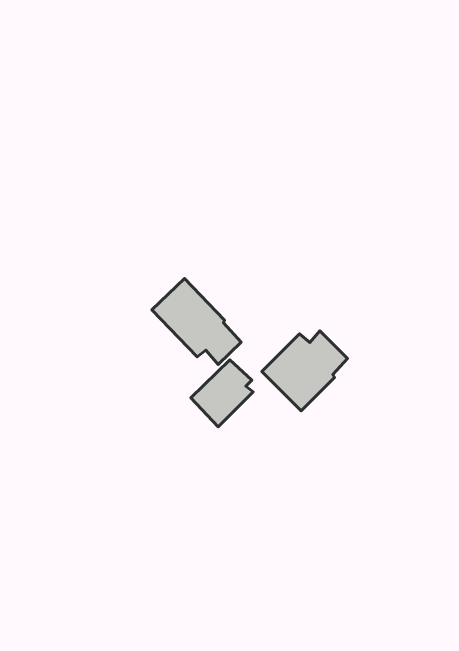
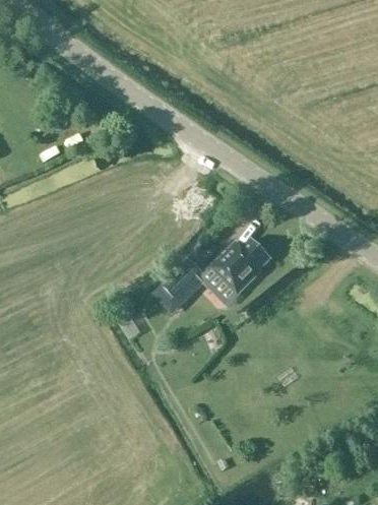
building: [152,278,241,364] -> none

